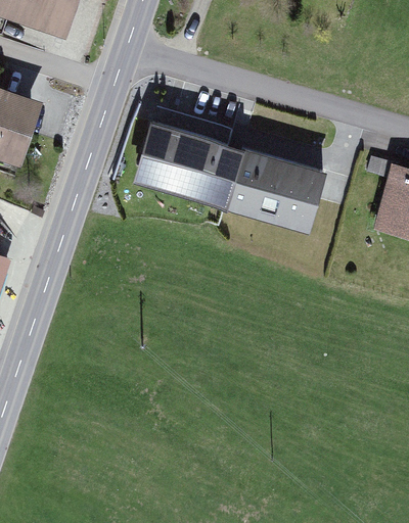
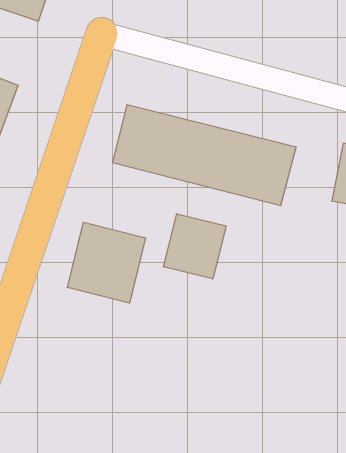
building: none -> [164,214,226,279]
building: none -> [67,222,145,303]

